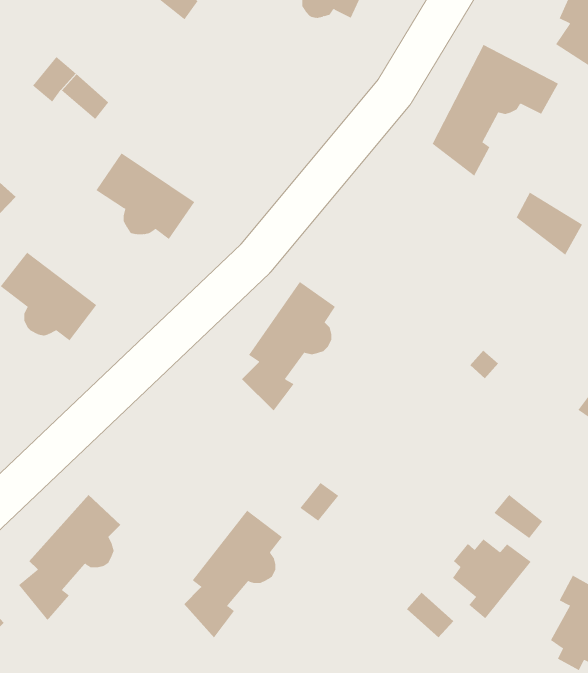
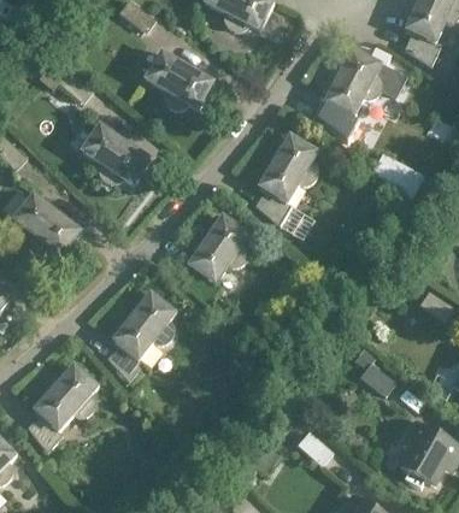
building: none -> [143,49,213,108]
building: none -> [254,132,317,238]
building: [183,510,283,638] -> [106,290,176,381]
building: [452,539,531,619] -> none

